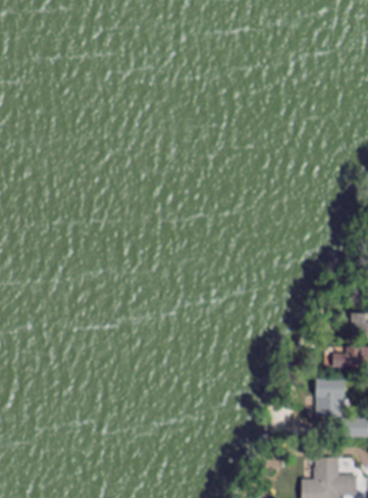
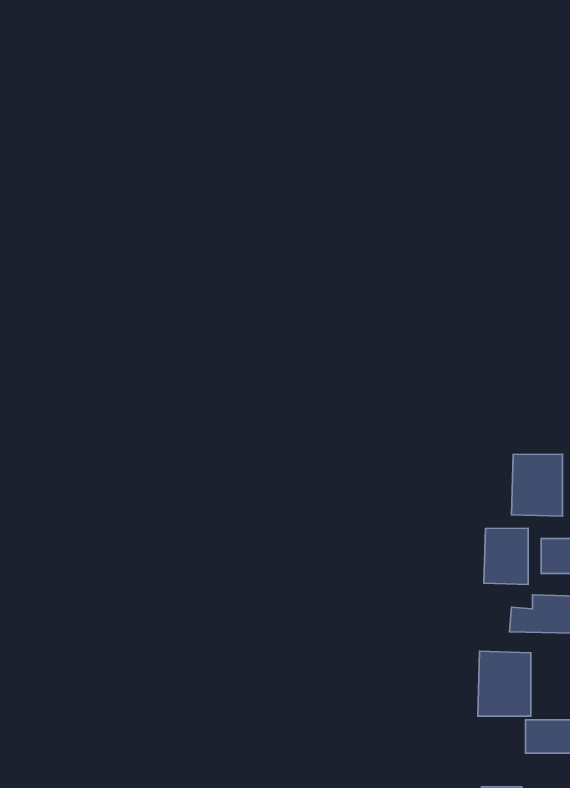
building: none -> [512,454,563,516]
building: none -> [484,528,528,584]

